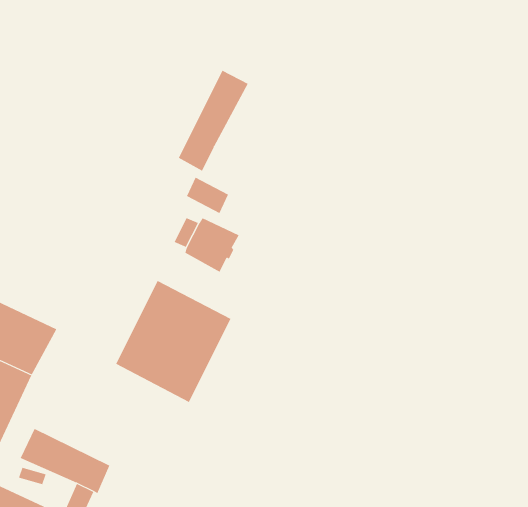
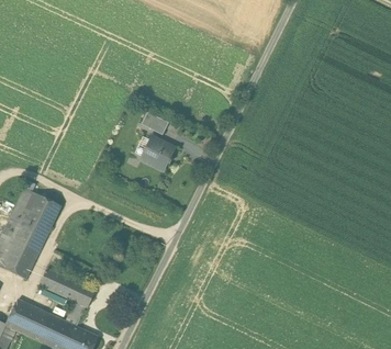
building: [178,70,249,172] -> none
building: [115,280,231,403] -> none

